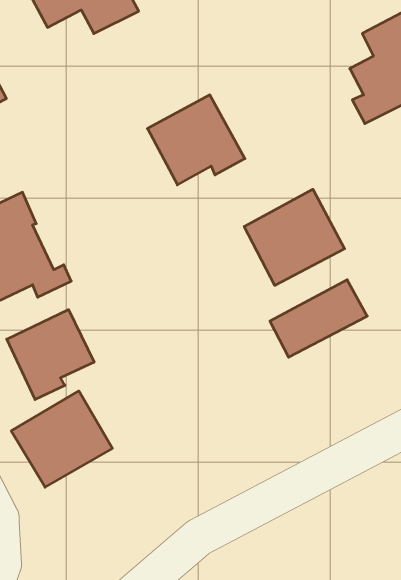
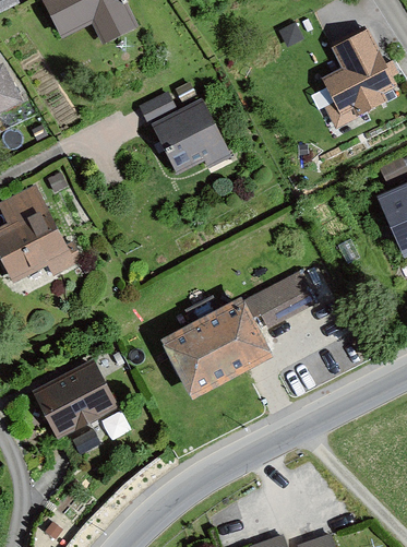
building: [244,189,345,285] -> none
building: [7,310,94,400] -> none
building: none -> [155,297,272,404]

